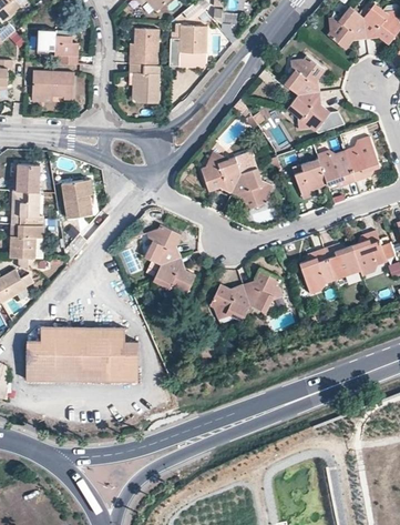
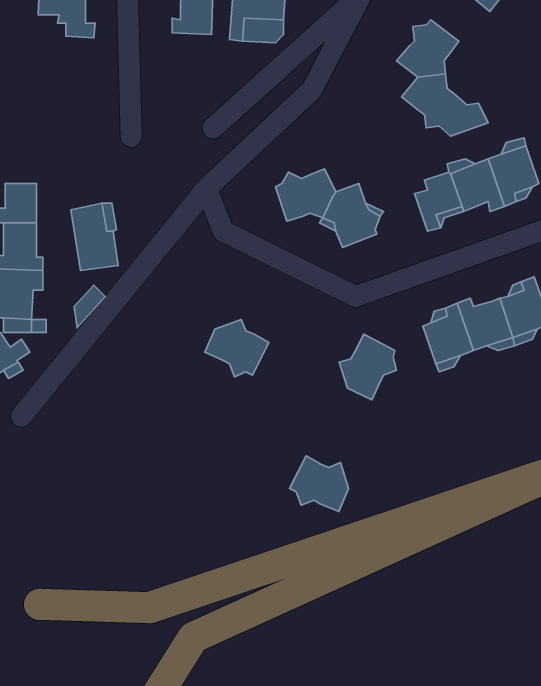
building: [130,63,160,101] -> none
building: [32,71,74,100] -> none
building: [143,214,181,264] -> none
building: [208,282,248,320] -> [290,456,349,512]
building: [27,326,139,382] -> none

